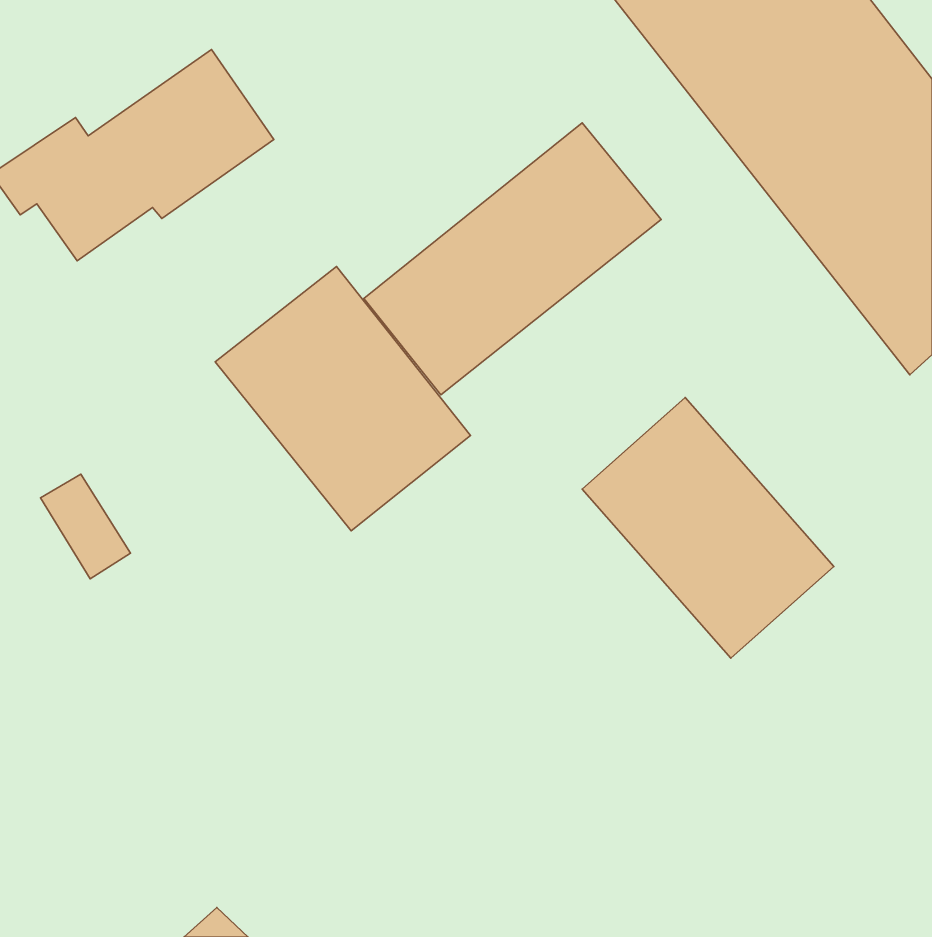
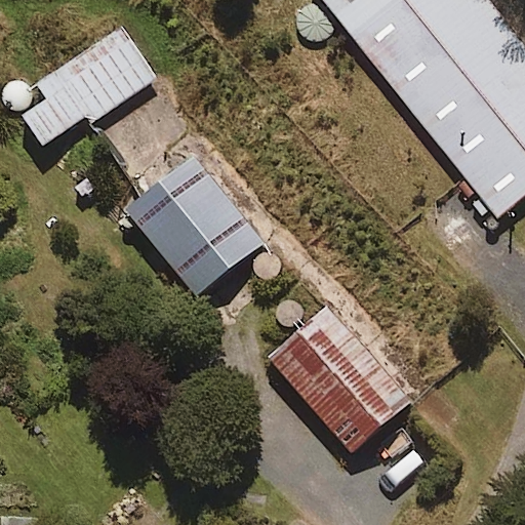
building: [364,123,661,395] -> none
building: [582,397,834,658] -> [268,308,408,453]

